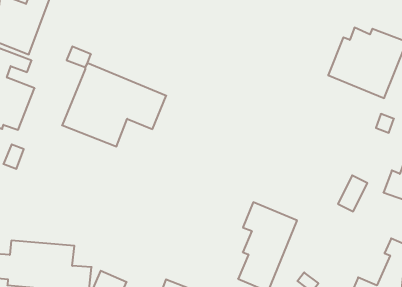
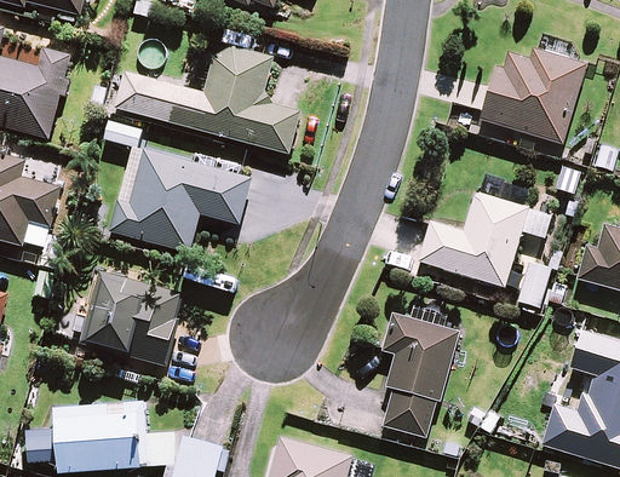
building: none -> [115,47,299,154]
building: none -> [418,192,550,287]
building: none -> [84,272,184,364]

